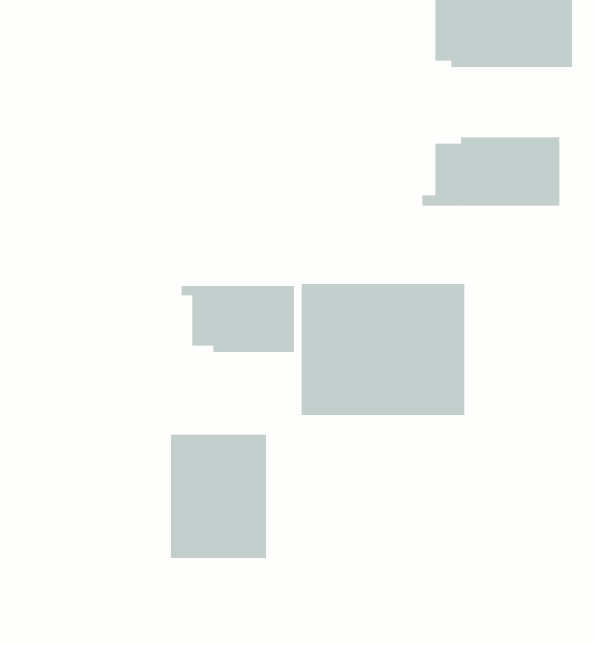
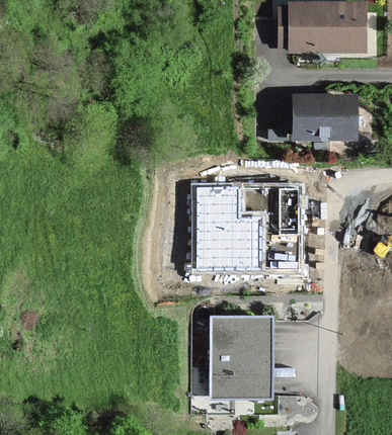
building: [181,285,294,353] -> none
building: [170,434,267,558] -> [211,318,271,396]

